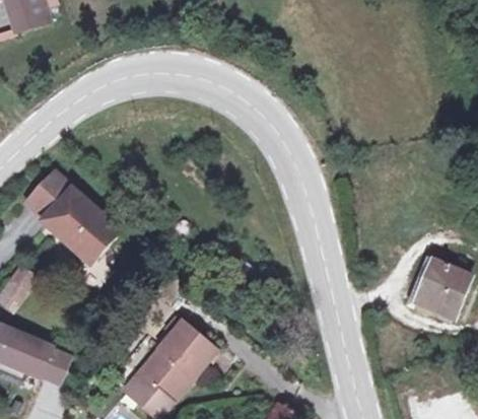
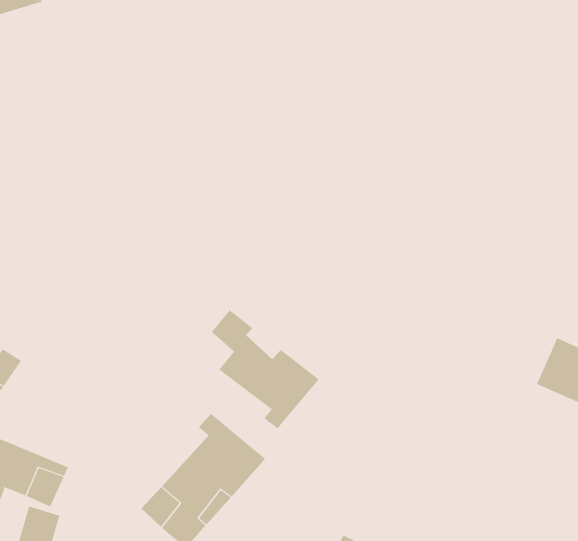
building: [28,171,120,259] -> none
building: none -> [211,309,319,429]

